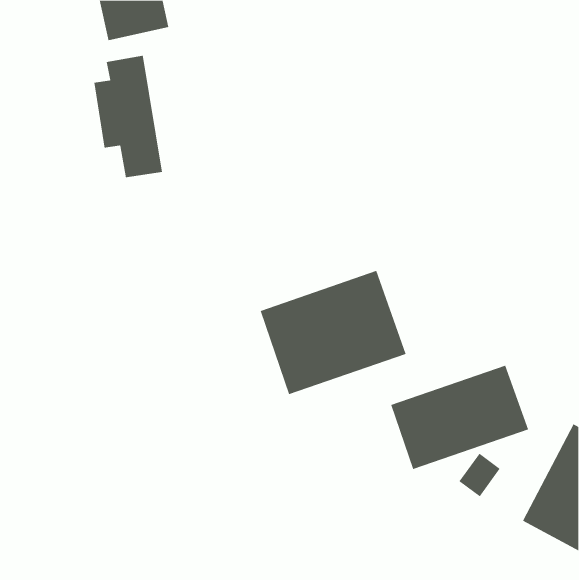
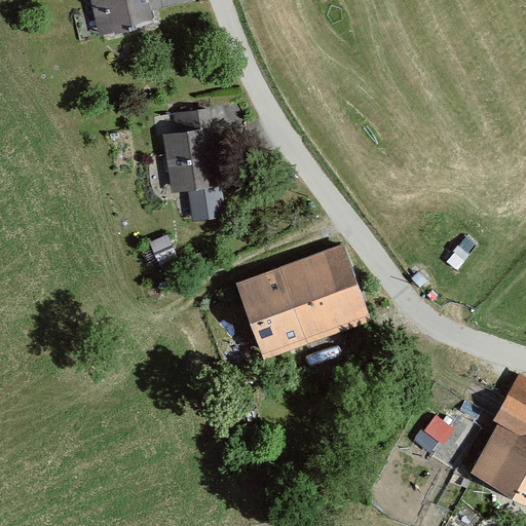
building: [93,55,163,178] -> [161,106,224,217]
building: [391,365,529,470] -> none

